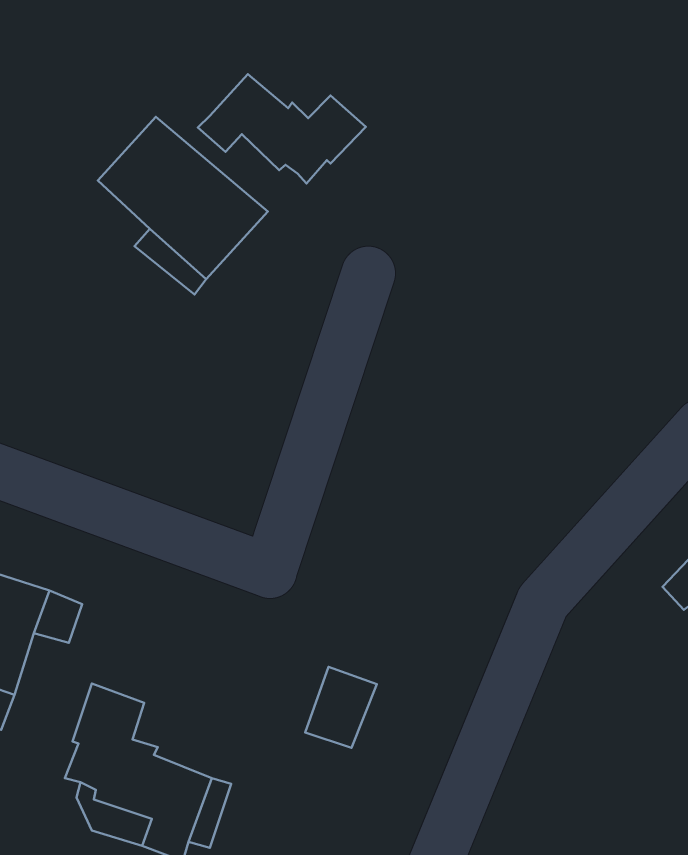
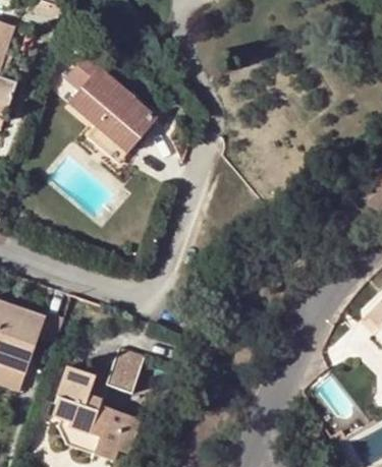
building: [198,74,366,184] -> none
building: [305,667,377,748] -> [106,348,144,391]

